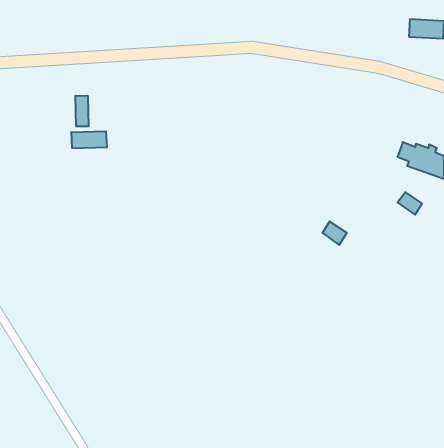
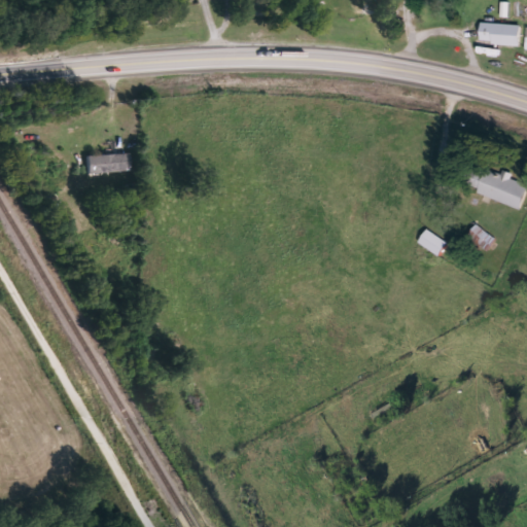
building: [75,96,89,126] -> none
building: [322,221,347,245] -> [419,230,448,257]

